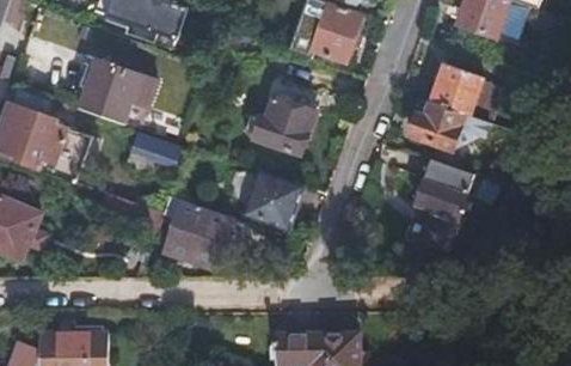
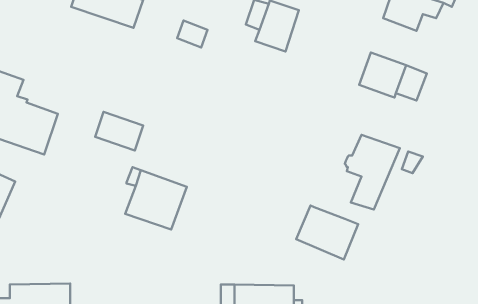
building: [79,57,159,123] -> none
building: [242,98,318,155] -> none
building: [410,102,468,151] -> none
building: [244,173,302,231] -> none
building: none -> [296,206,358,259]

